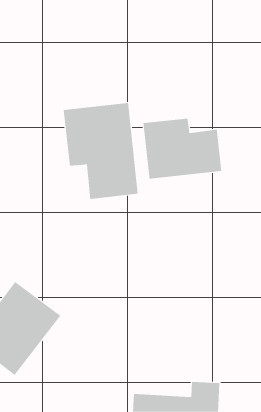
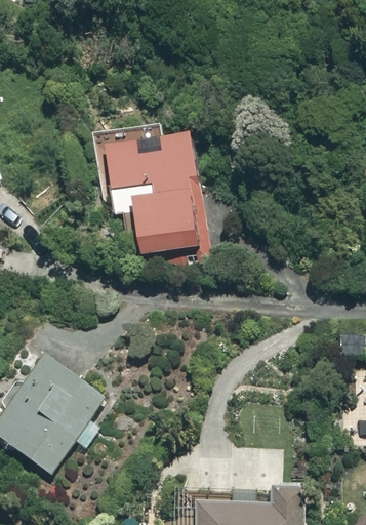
building: [143,118,222,180] -> none

